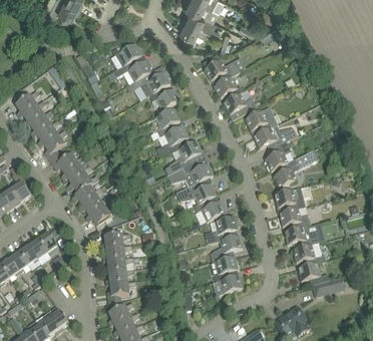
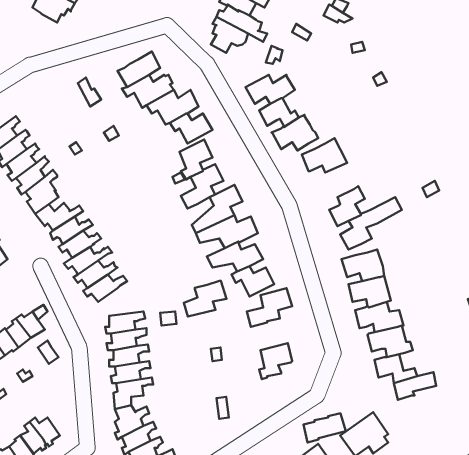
building: [253,124,297,148] -> none
building: [212,234,243,260] -> [184,281,226,317]
building: [212,274,243,295] -> [303,413,346,442]

